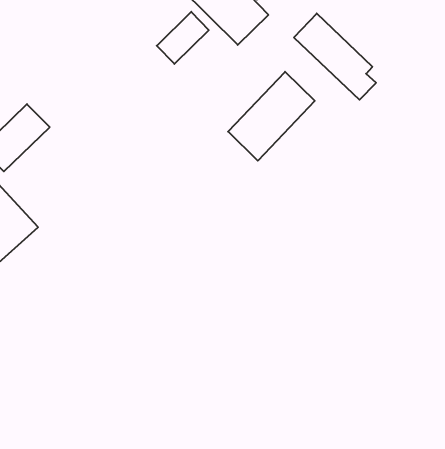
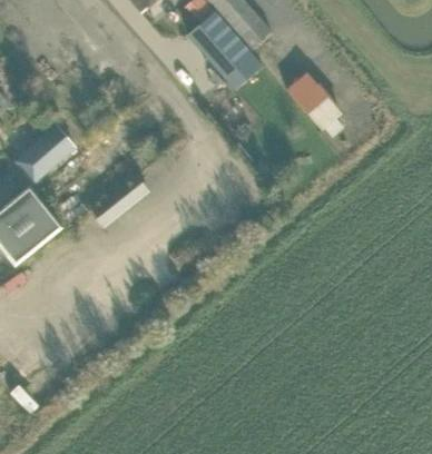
building: [157,12,209,64] -> none
building: [228,72,315,161] -> none

